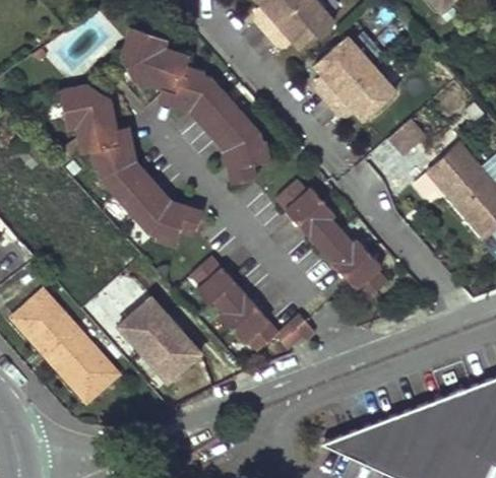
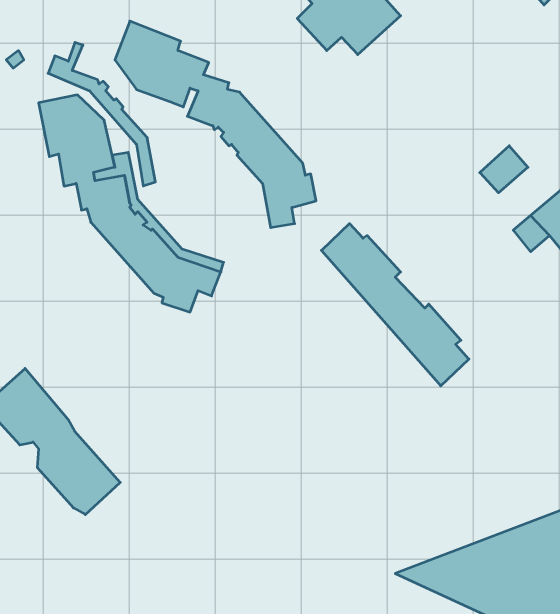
building: [315,38,395,121] -> none
building: [153,76,235,185] -> [48,42,155,186]
building: [189,256,313,350] -> none
building: [129,304,208,386] -> none

